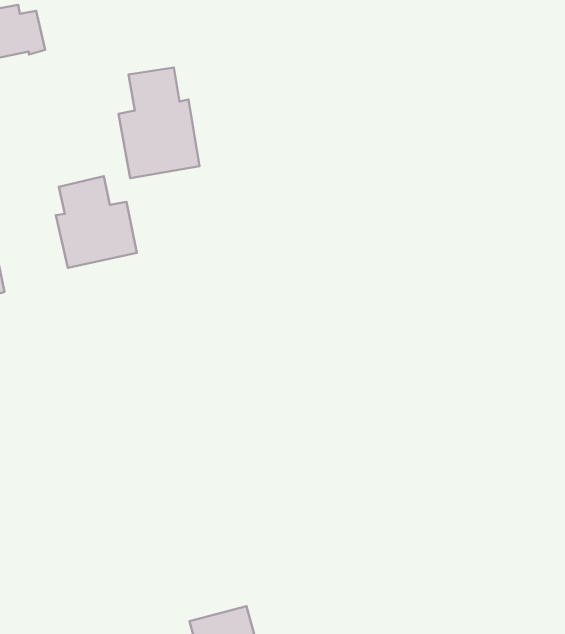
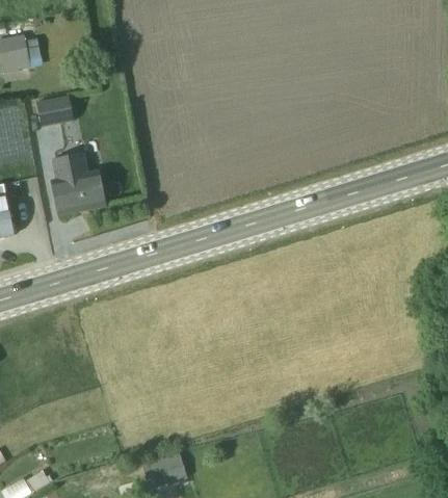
building: [118,67,199,178] -> none
building: none -> [34,96,70,125]

